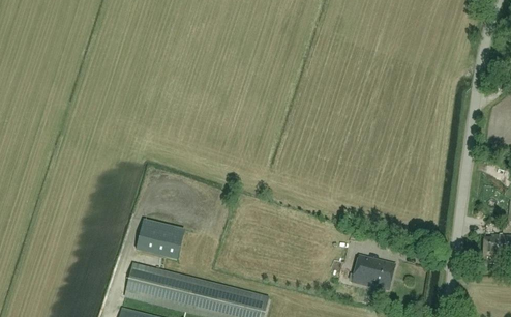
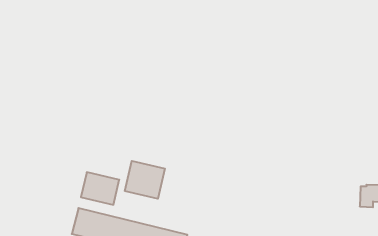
building: none -> [125,161,165,199]
building: [352,256,395,290] -> none

